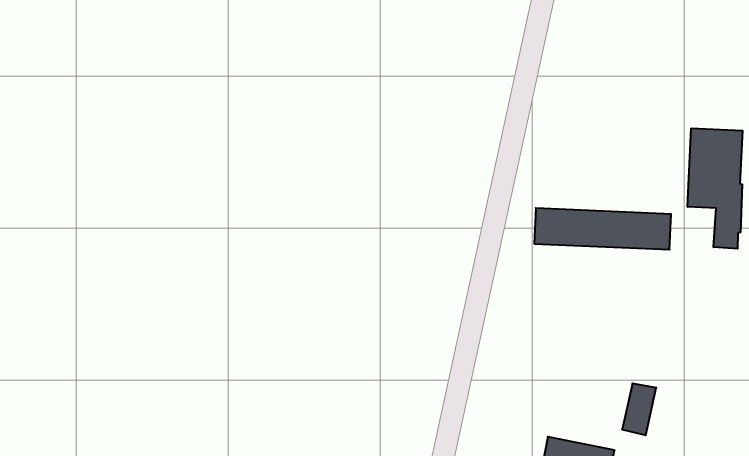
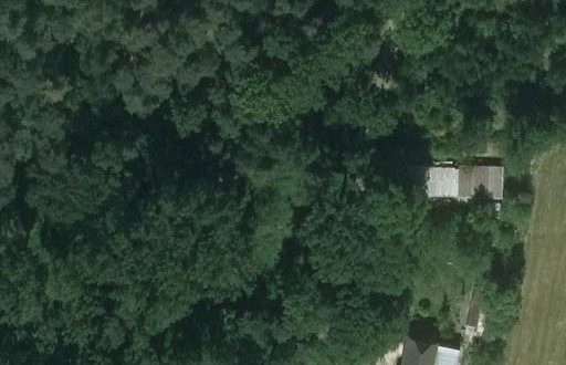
building: [688,128,742,249] -> none

